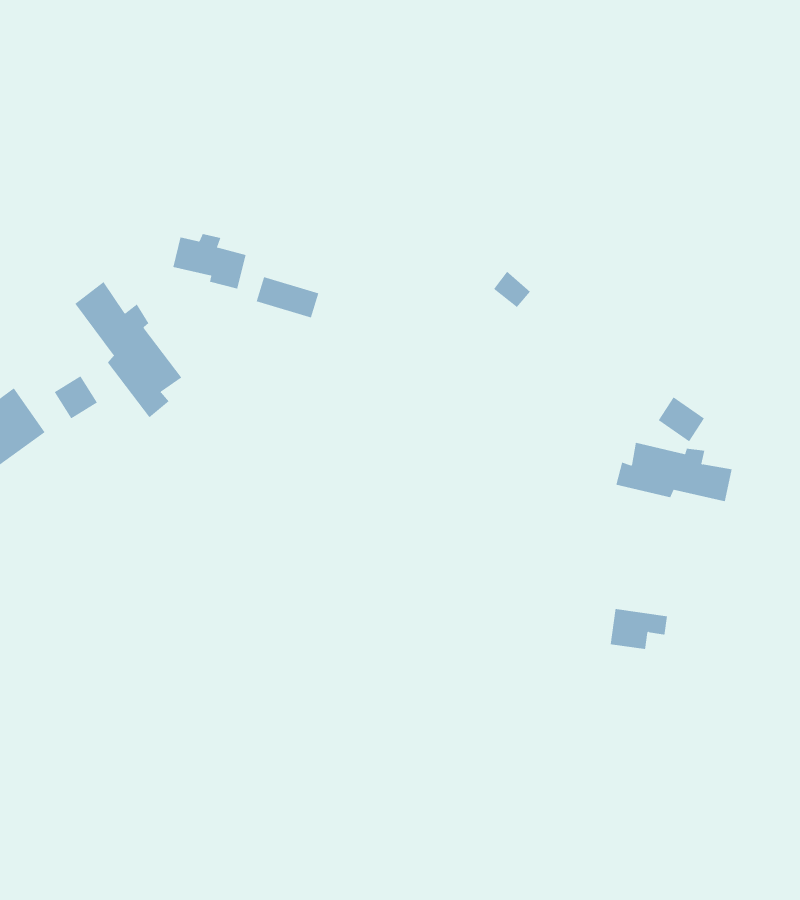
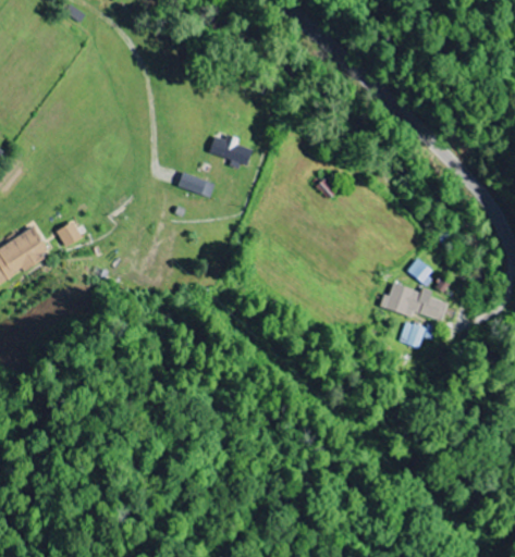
building: [172,233,247,289] -> [209,134,253,168]
building: [75,281,182,418] -> none
building: [610,609,668,650] -> [398,321,433,346]

